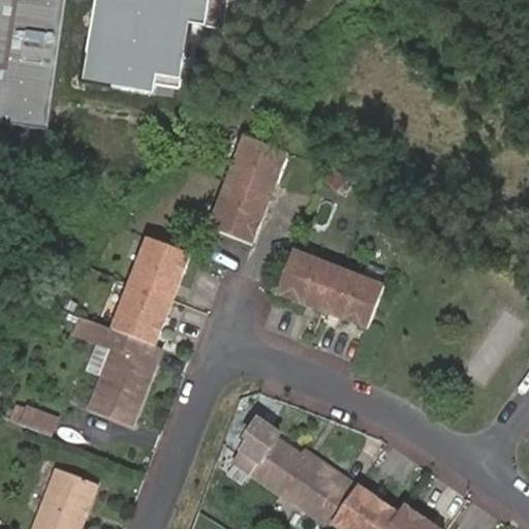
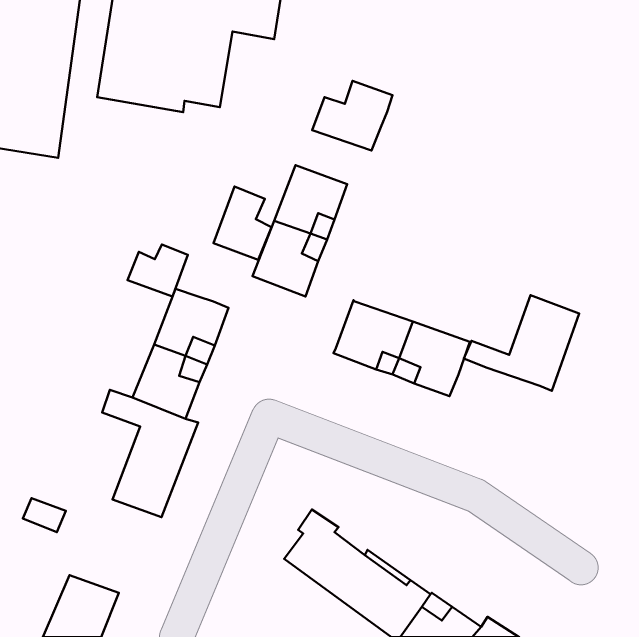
building: none -> [312,81,392,151]
building: none -> [213,186,272,260]
building: none -> [128,244,188,296]
building: none -> [464,295,579,391]

